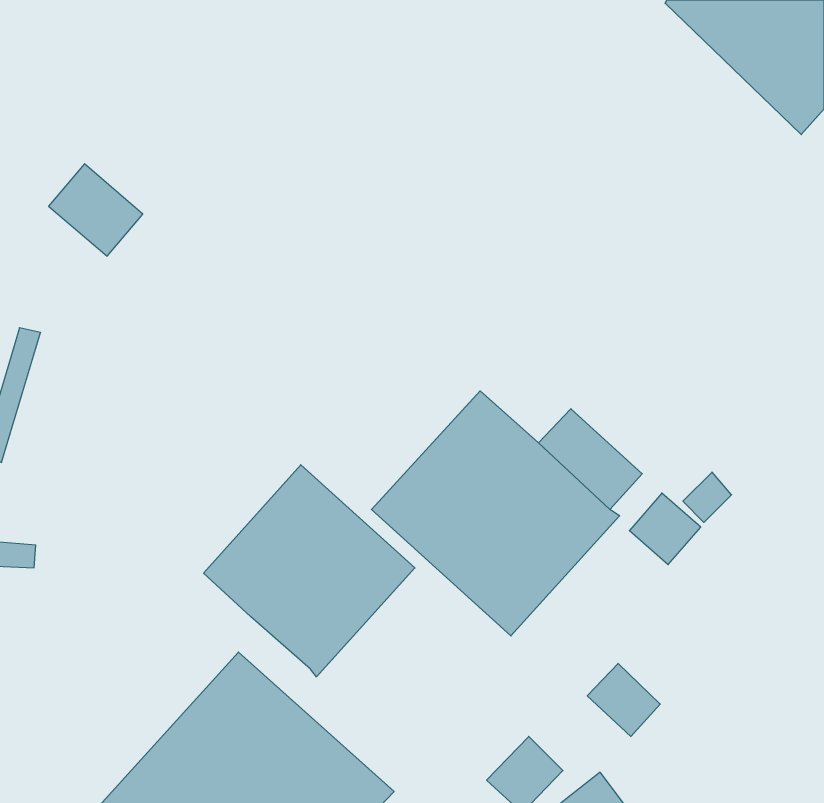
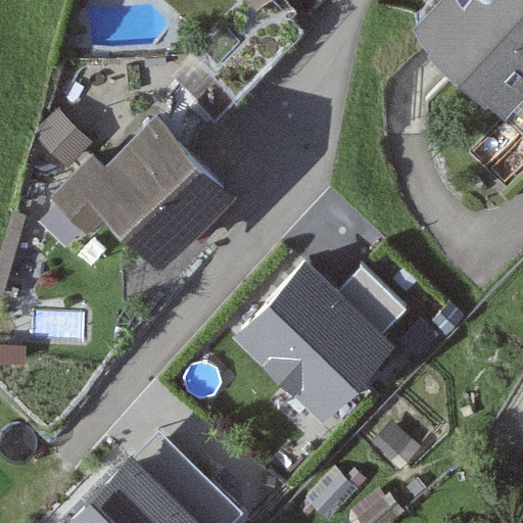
building: none -> [51,116,234,269]
building: [204,465,415,677] -> none

